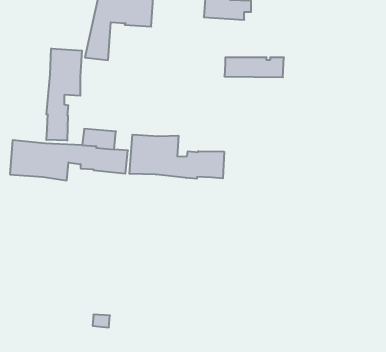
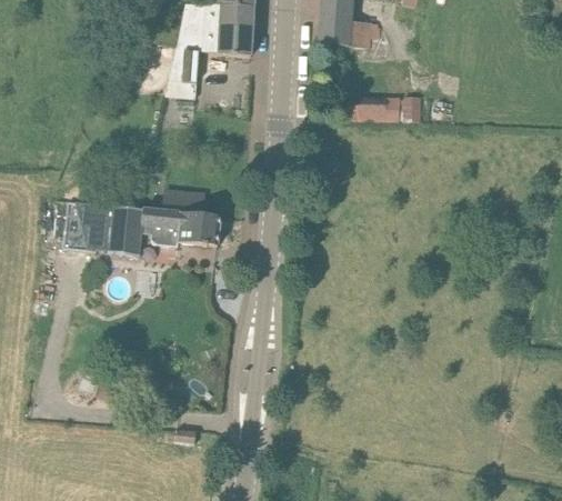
building: [46,48,82,141] -> none
building: [130,135,224,179] -> none

